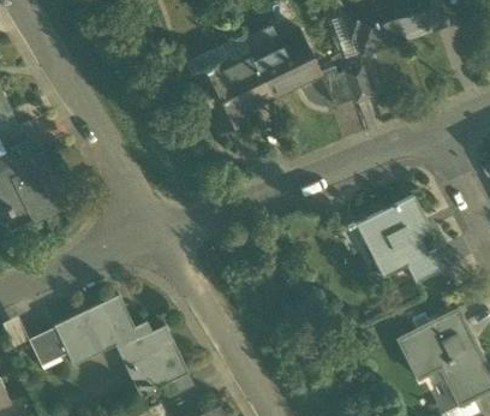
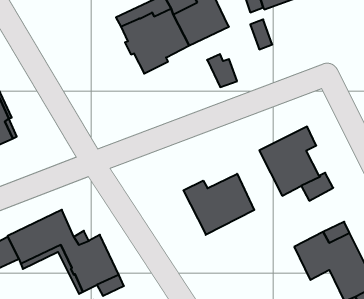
building: [318,66,354,106] -> [207,54,237,87]
building: none -> [183,174,254,235]

